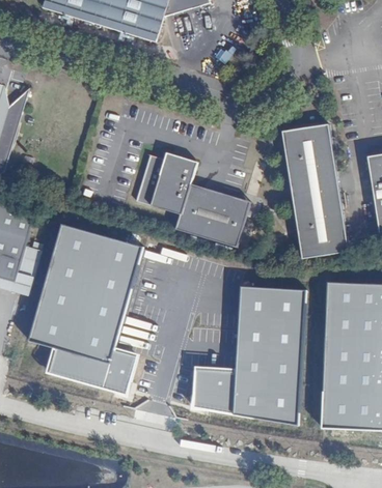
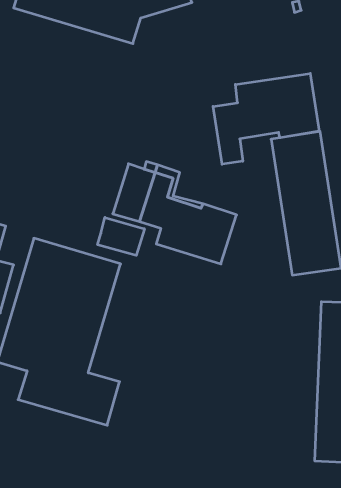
building: none -> [213,73,319,164]
building: none -> [98,217,144,255]
building: [190,287,304,418] -> none

